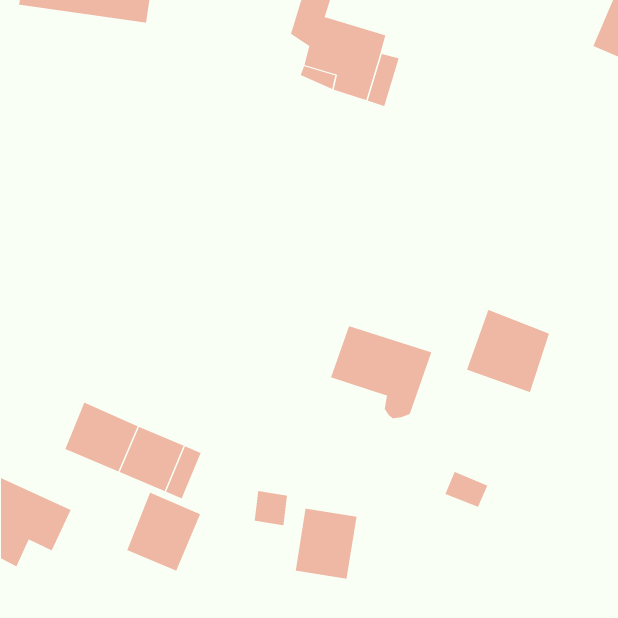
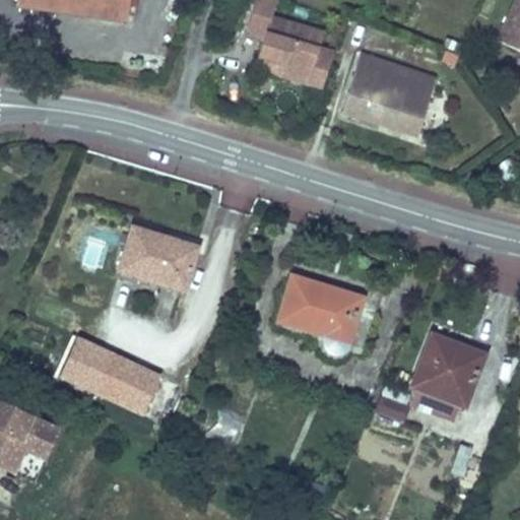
building: none -> [342,54,435,135]
building: none -> [117,223,197,291]
building: [466,309,550,393] -> [411,331,481,401]
building: [126,492,201,572] -> none
building: [295,508,357,579] -> none

